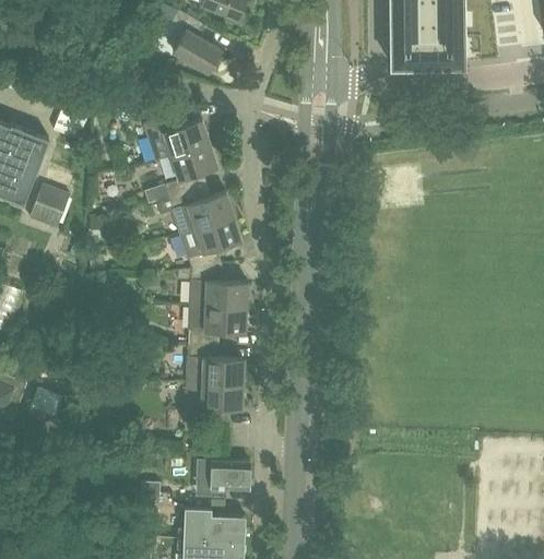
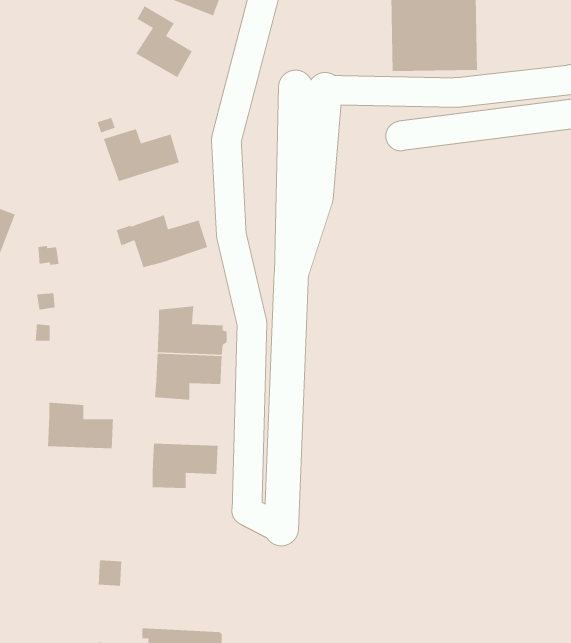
building: [164,146,217,200] -> none
building: [178,218,241,271] -> none
building: [187,346,244,386] -> [47,402,114,449]
building: [210,462,250,498] -> none
building: [177,509,247,545] -> none

